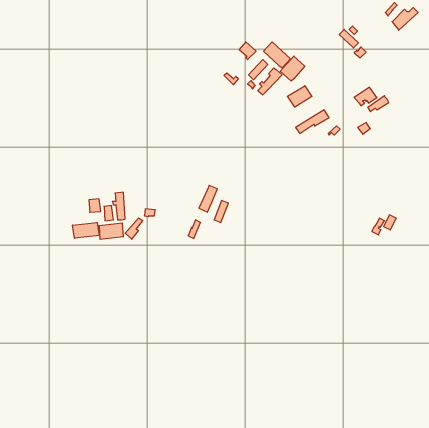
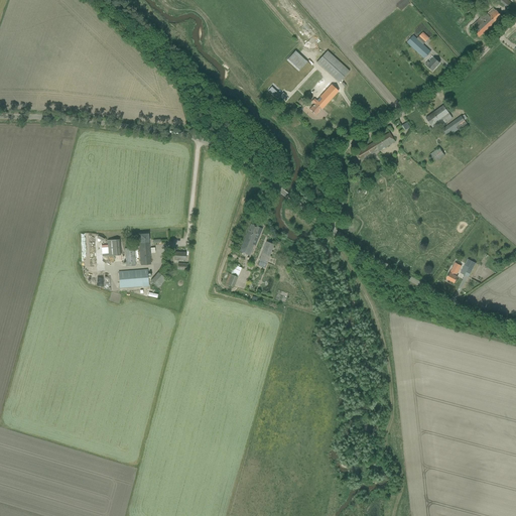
building: [280,56,305,81] -> none
building: [287,86,312,107] -> none
building: [73,222,99,238] -> none

